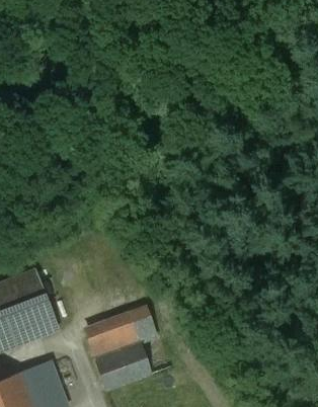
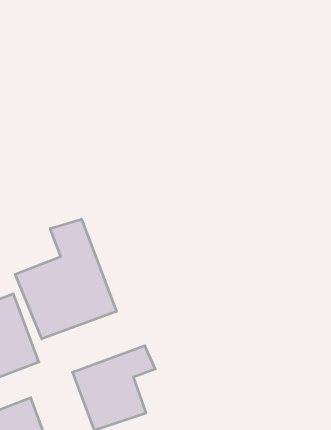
building: none -> [15,219,116,339]

